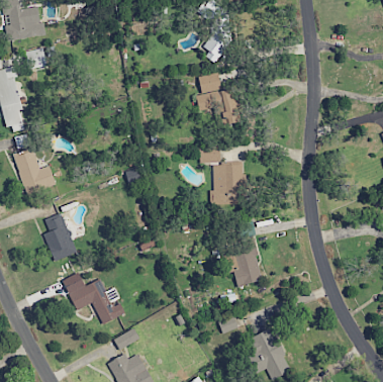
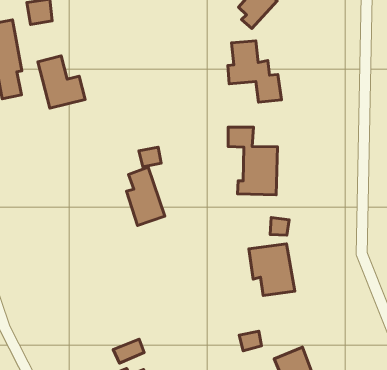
building: [14,150,56,194] -> [38,56,85,108]
building: [43,212,77,262] -> [126,167,165,226]
building: [69,280,125,323] -> none

